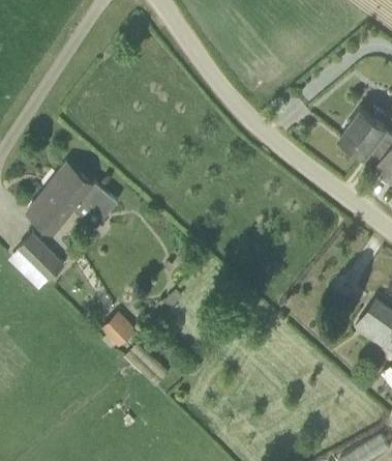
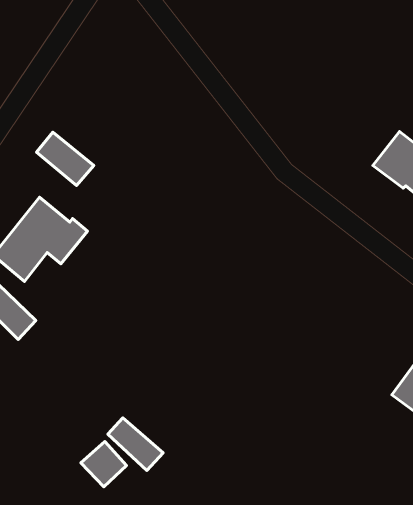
building: none -> [37,132,94,186]
building: [102,312,140,349] -> [81,441,126,487]

